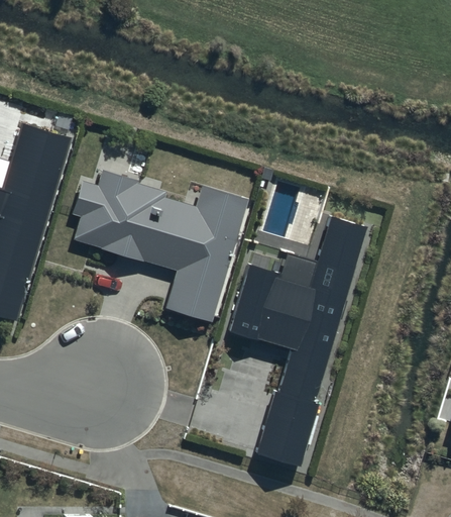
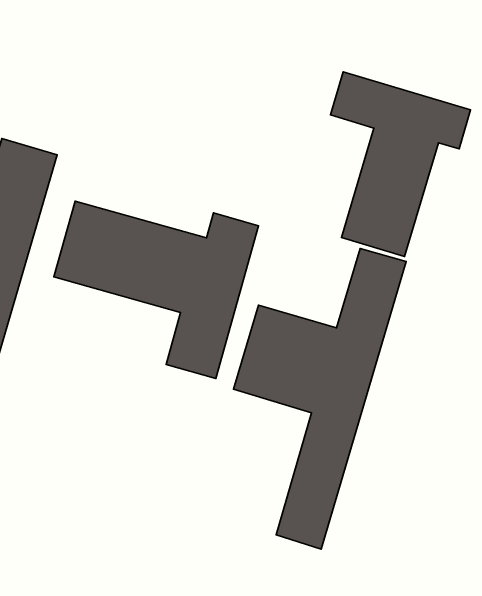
building: none -> [331,72,470,256]

